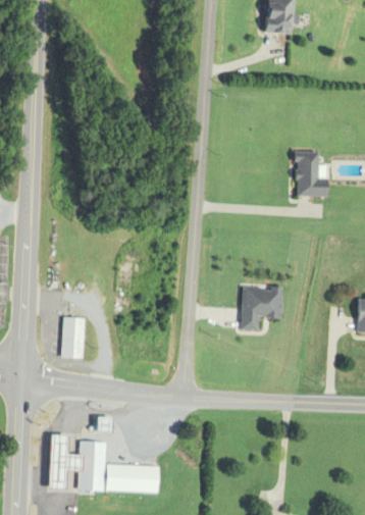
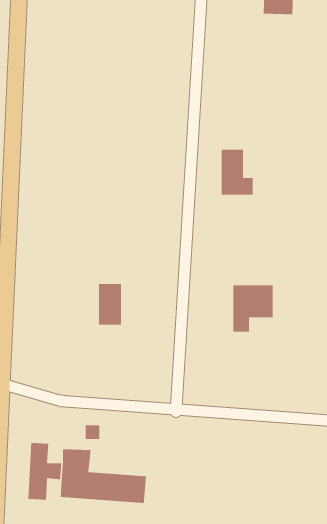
building: [294,152,324,196] -> [221,149,253,196]
building: [65,318,88,358] -> [98,283,122,326]

